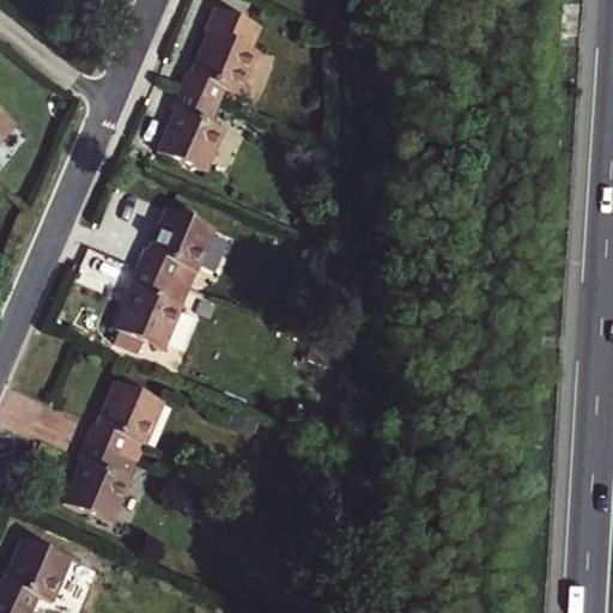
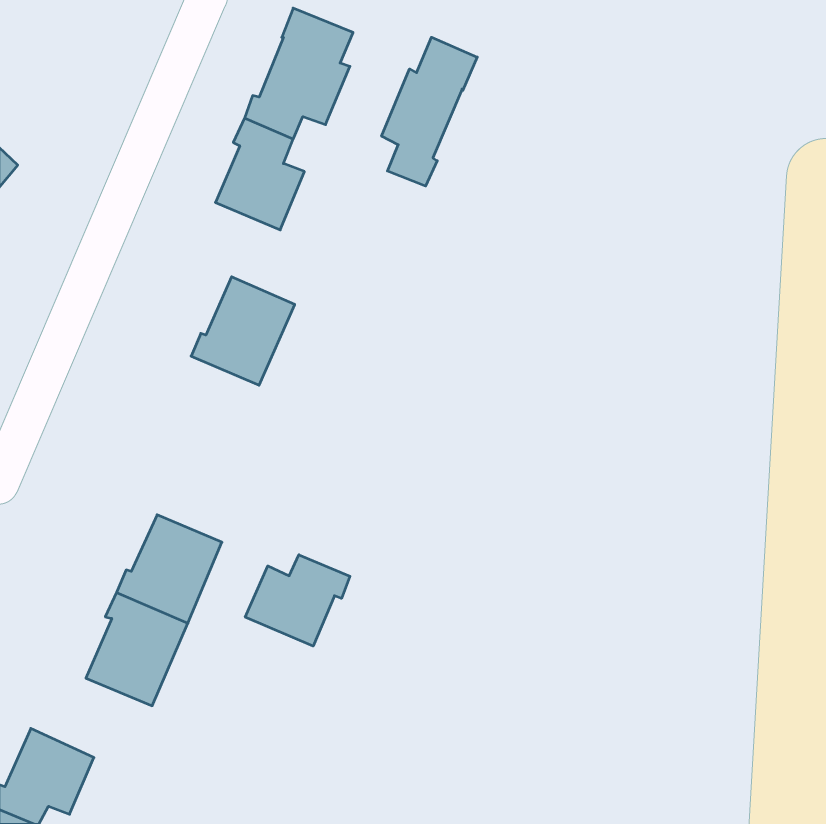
building: none -> [382,37,477,186]
building: [117,263,192,346] -> none
building: none -> [245,555,350,646]

